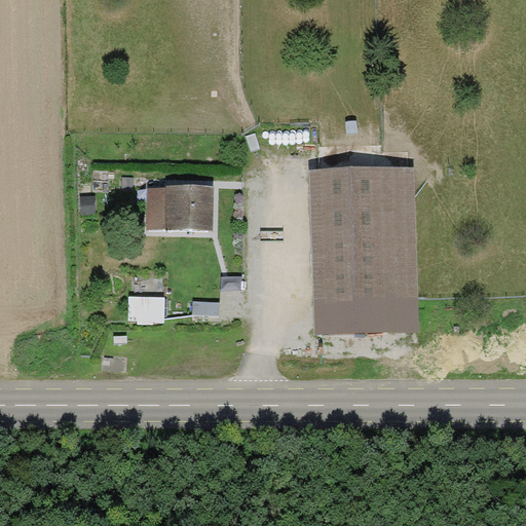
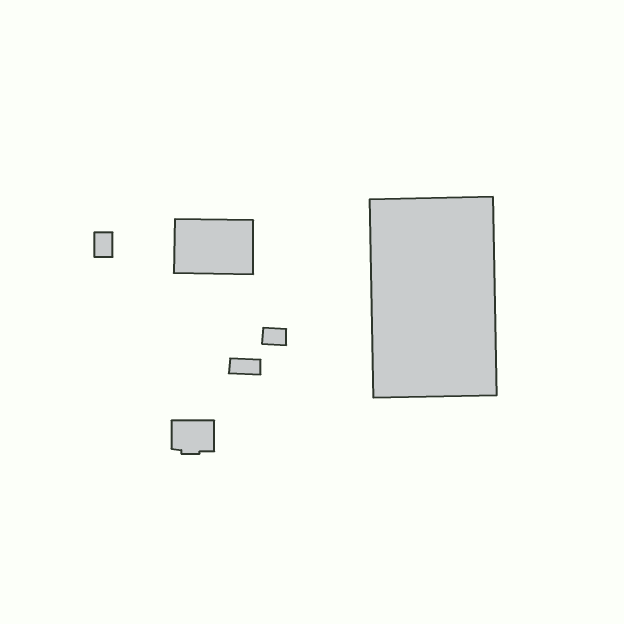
building: [128,296,164,324] -> [171,421,214,454]

